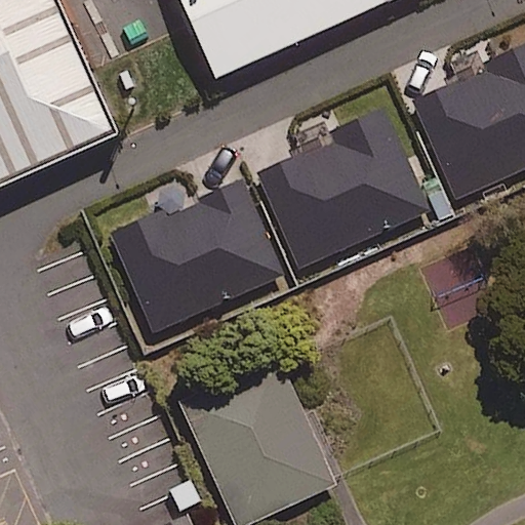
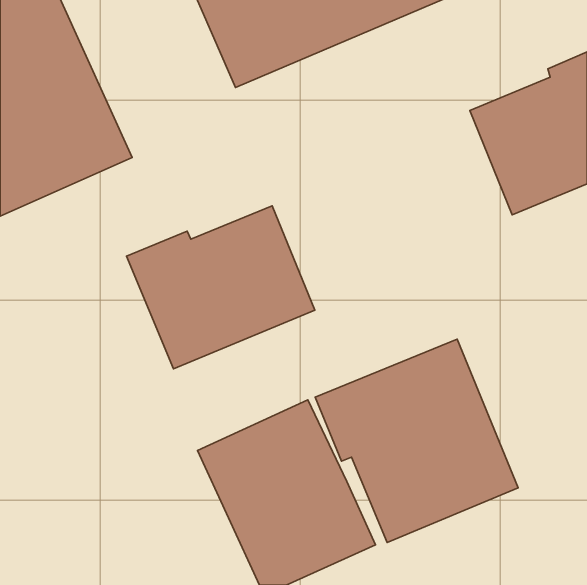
building: [261,110,427,262] -> none
building: none -> [315,339,518,542]

